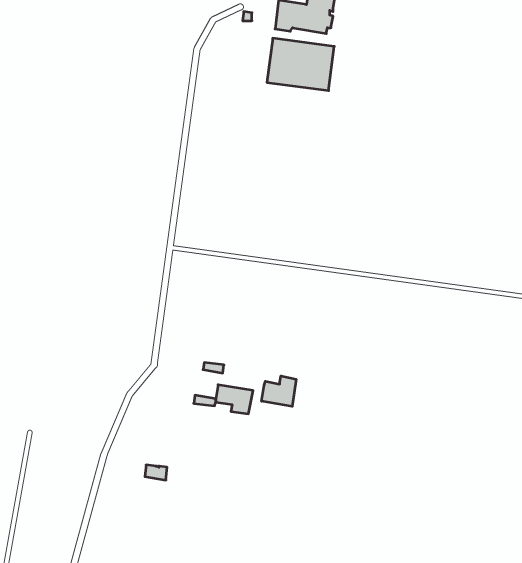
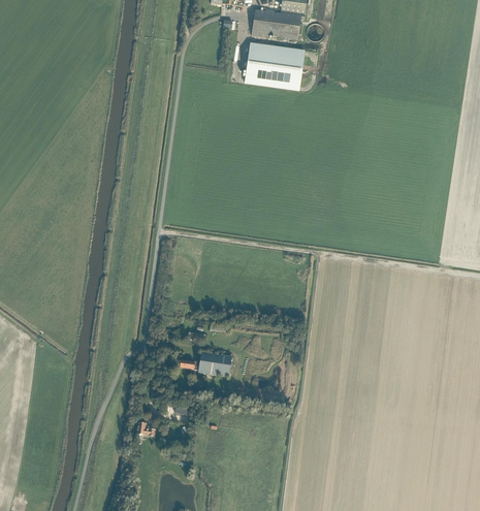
building: [262,376,296,406] -> none

